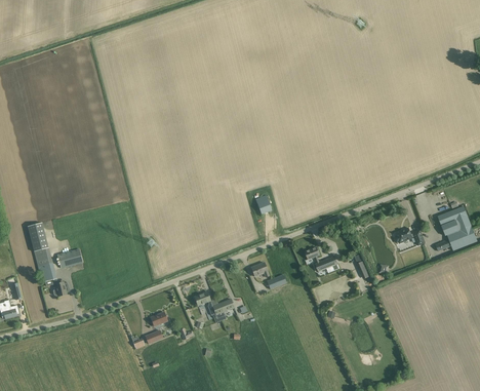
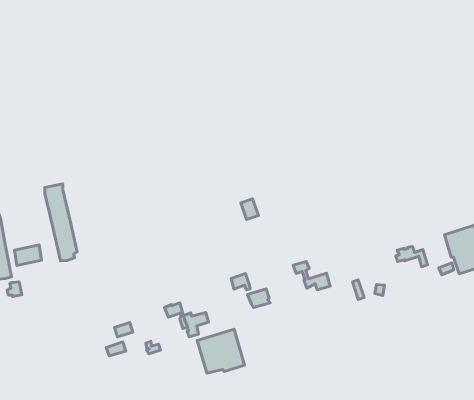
building: none -> [45,184,77,261]
building: none -> [197,329,245,373]

